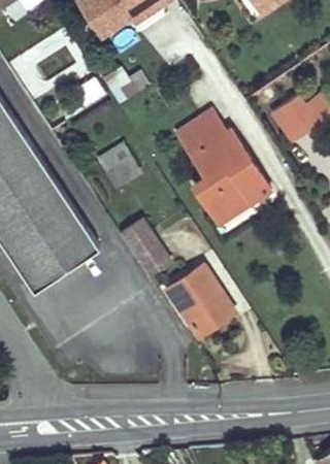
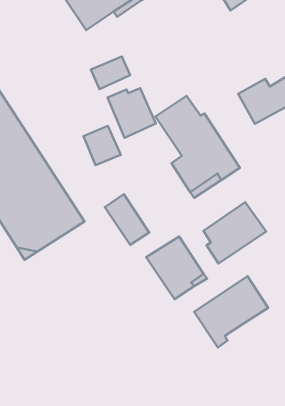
building: none -> [107,88,156,138]
building: none -> [204,202,266,263]
building: none -> [194,276,268,348]

